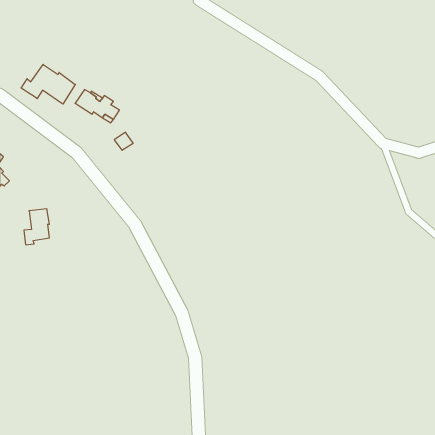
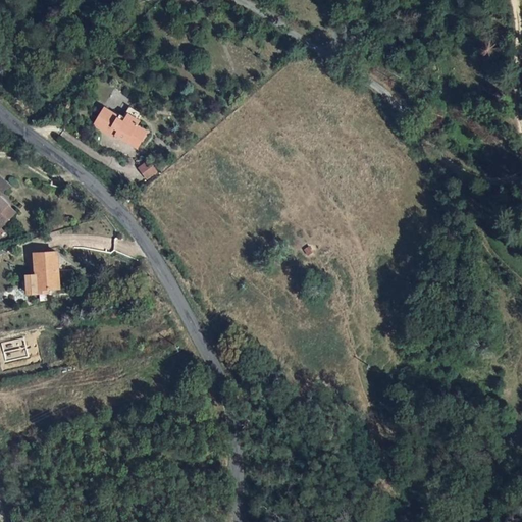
building: [21,64,75,104] -> none

